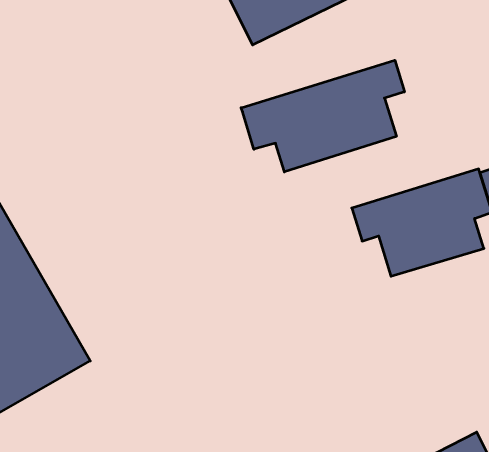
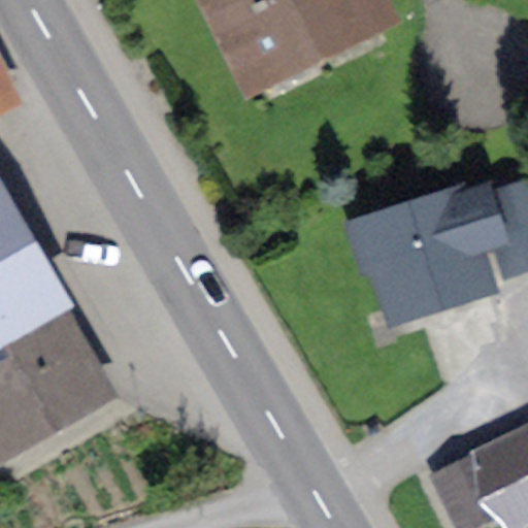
building: [241,60,404,172] -> none

